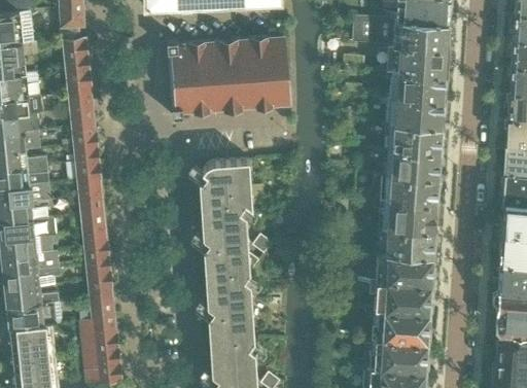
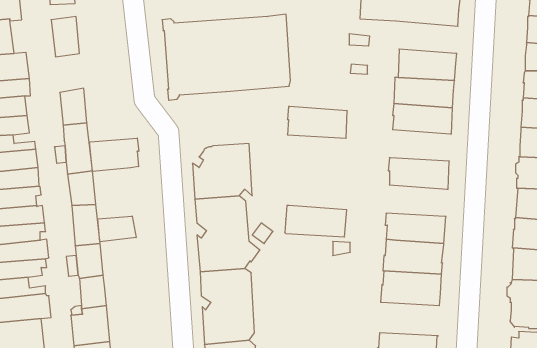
building: [387,45,447,76] -> none
building: [66,76,93,113] -> none
building: [383,148,440,178] -> [287,107,347,138]
building: none -> [89,138,139,172]
building: [378,201,436,231] -> [285,205,347,237]
building: none -> [98,216,136,242]
building: [363,312,429,344] -> none

